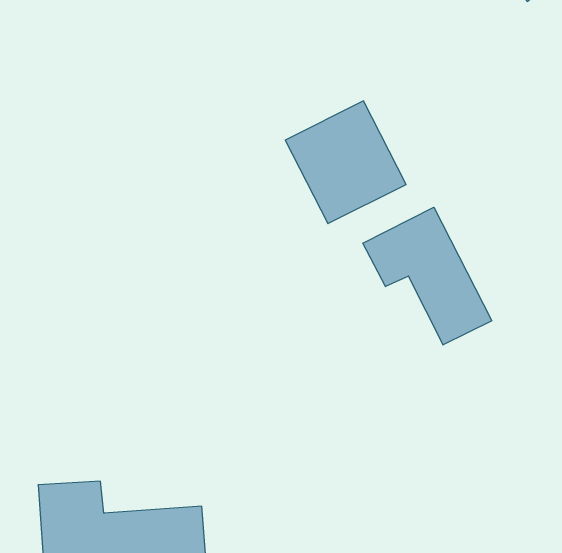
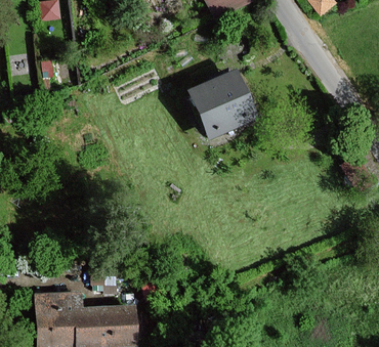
building: [363,207,492,345] -> none

